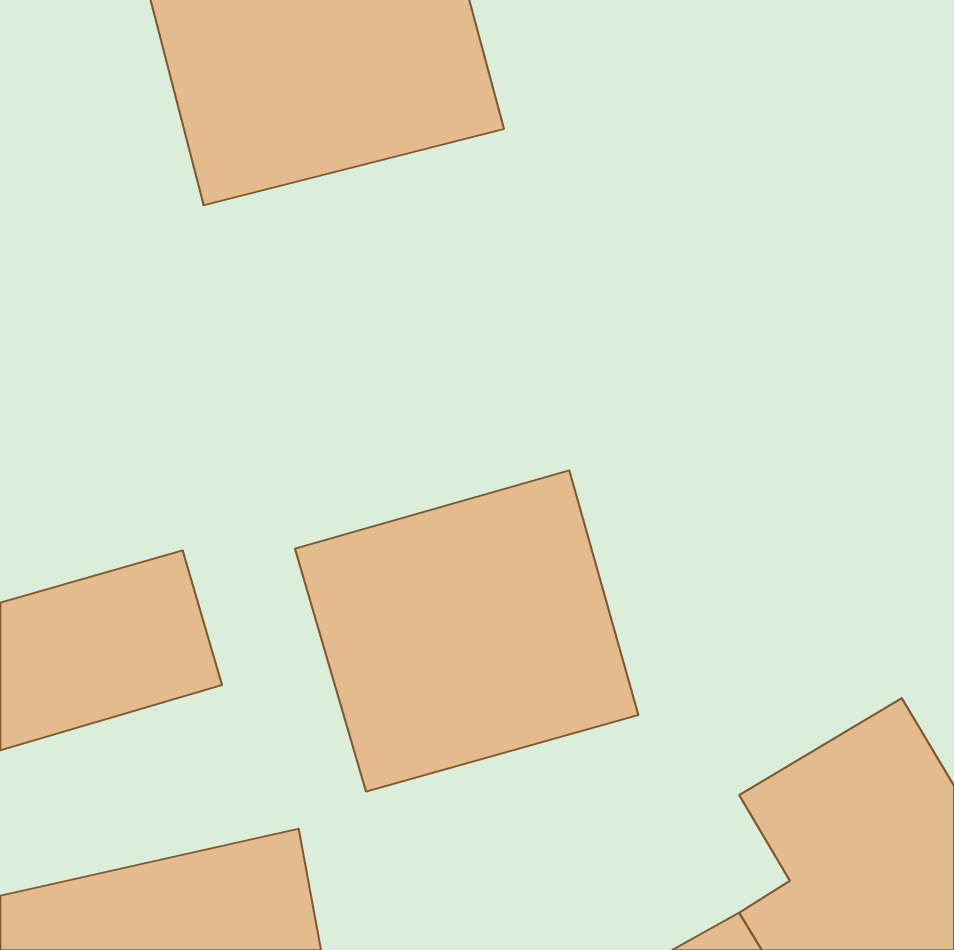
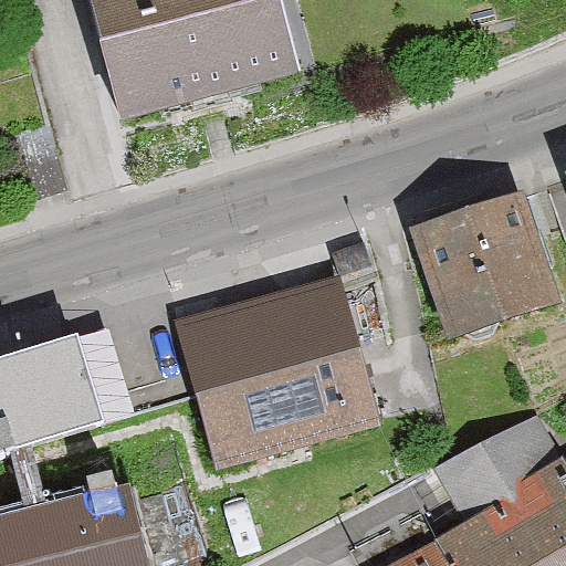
building: none -> [412,192,559,339]

